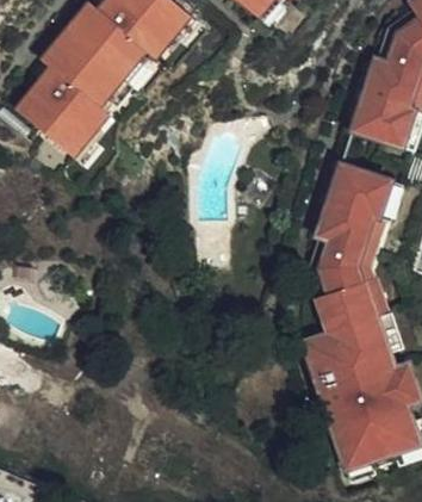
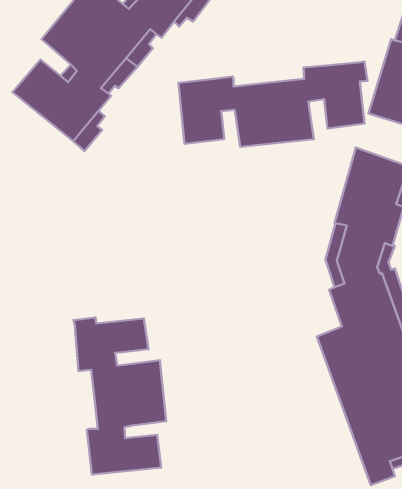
building: none -> [178,61,367,147]
building: none -> [74,317,166,475]

